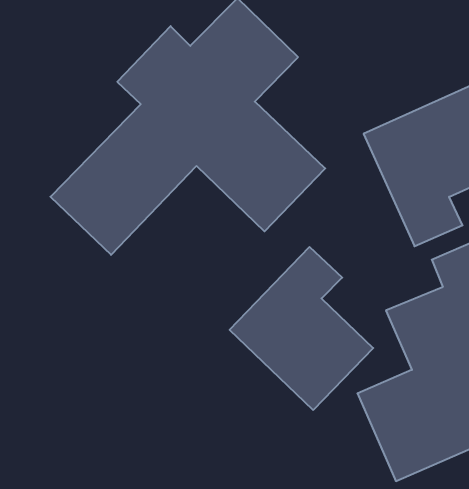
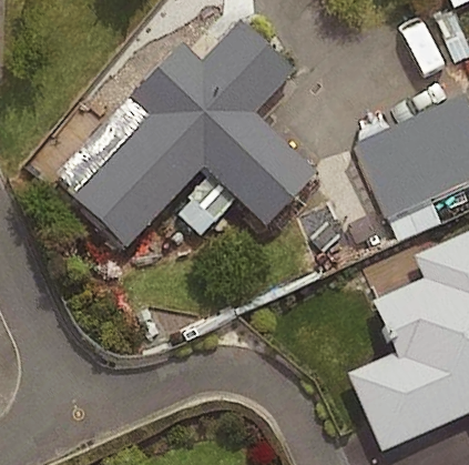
building: [230,247,373,410] -> none

